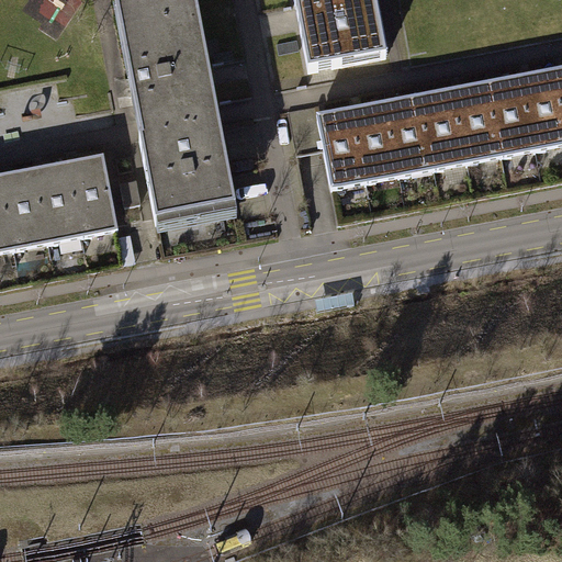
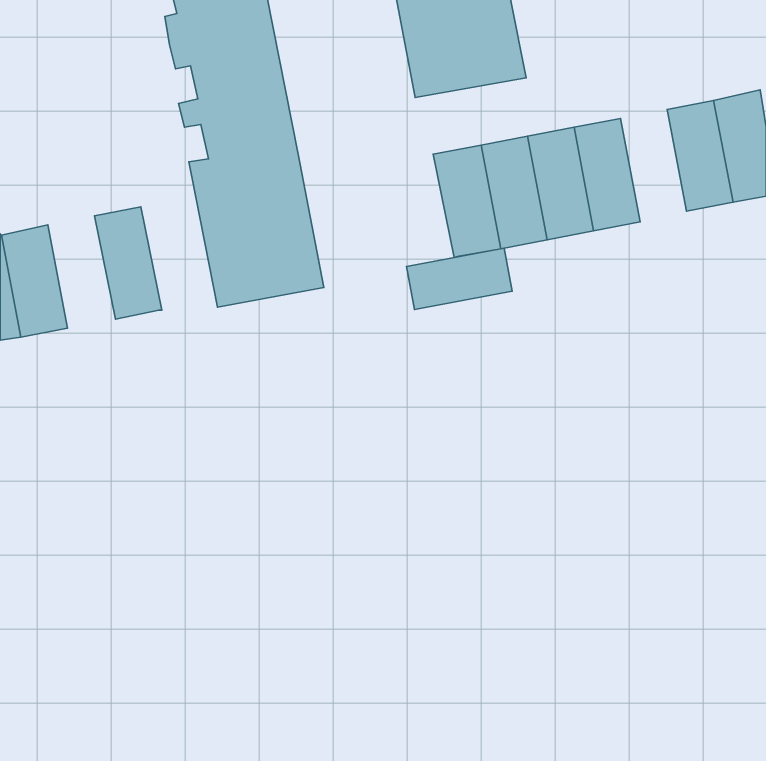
building: [454,80,503,162] -> none
building: [35,158,85,240] -> none
building: none -> [407,248,512,310]

